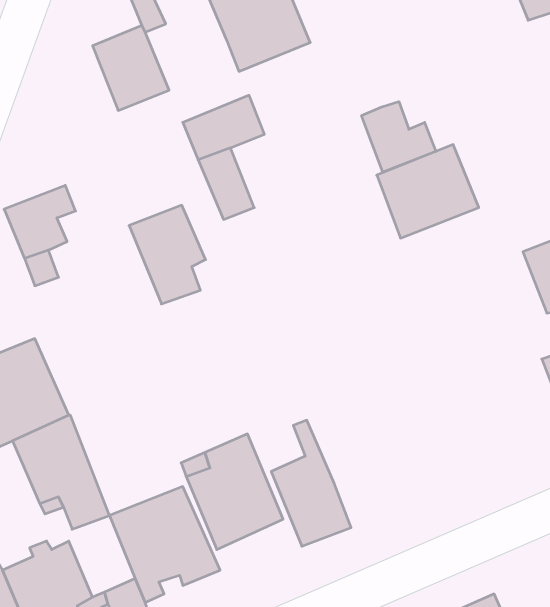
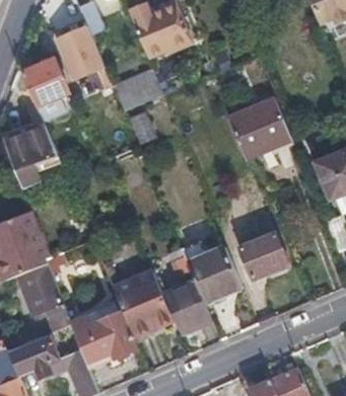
building: [362,102,436,172] -> none
building: [129,205,206,304] -> [22,60,68,118]
building: none -> [240,235,289,284]
building: none -> [180,239,240,299]

